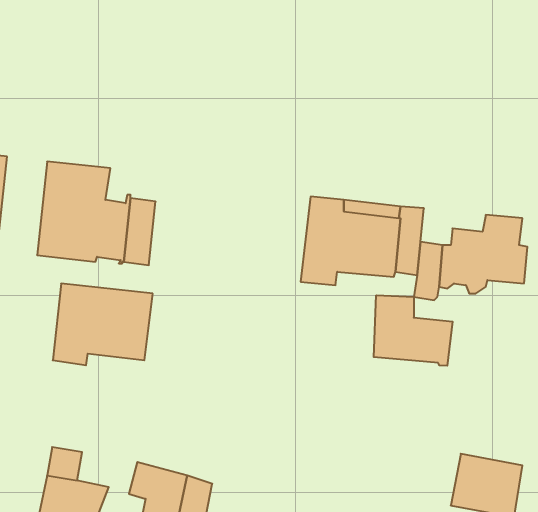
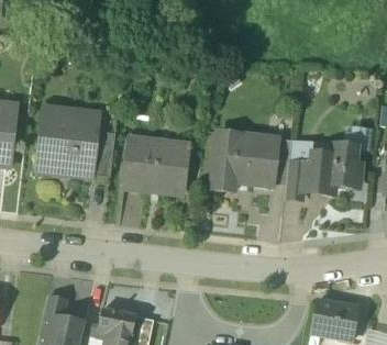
building: [53,284,153,365] -> [122,137,188,191]
building: [374,295,453,366] -> none

